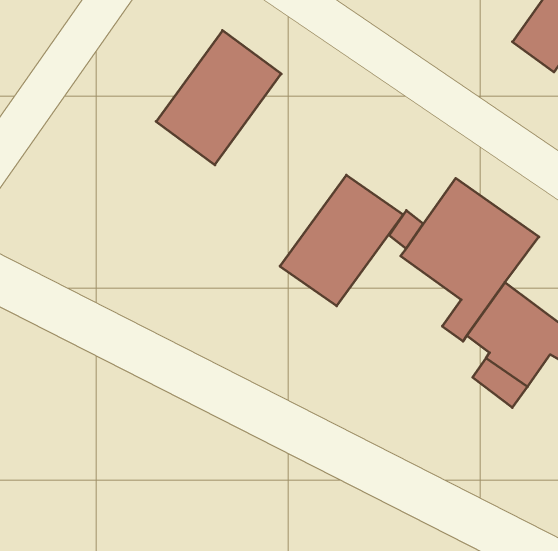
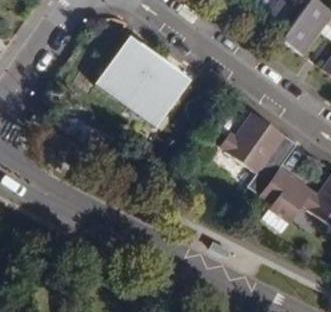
building: [280,175,403,306] -> [124,55,189,124]

